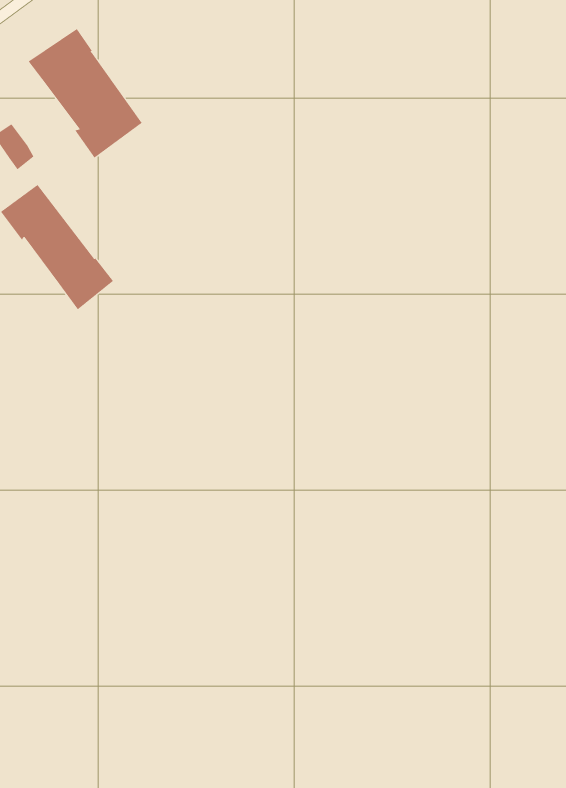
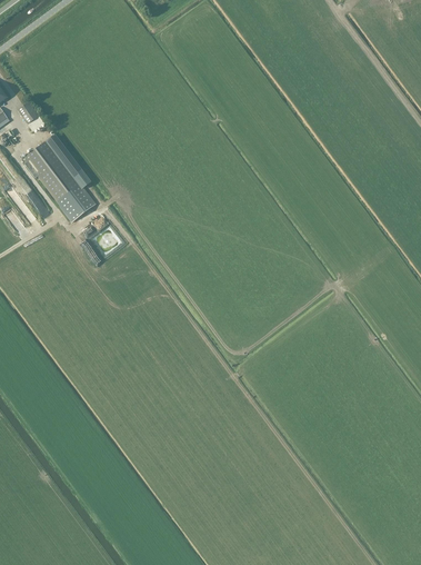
building: [28,28,143,158] -> none

